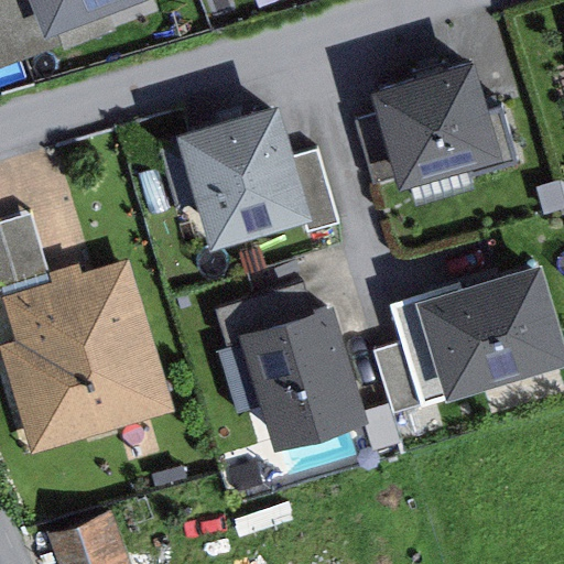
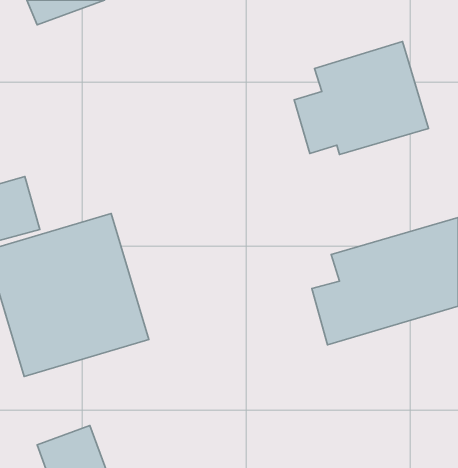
building: [161,104,340,247] -> none
building: [242,304,372,452] -> none

